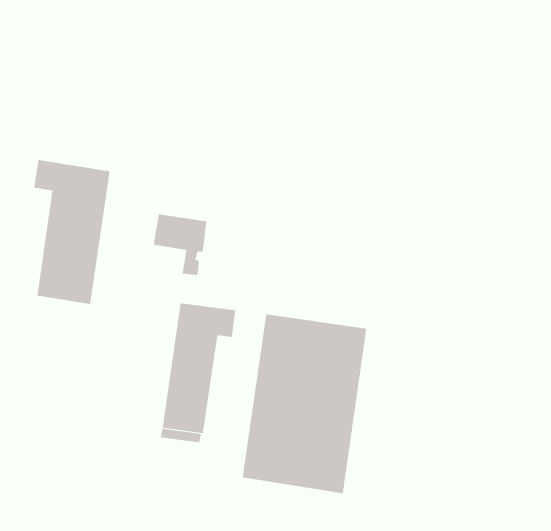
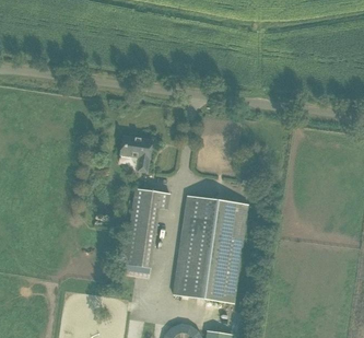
building: [33,159,110,305] -> none

